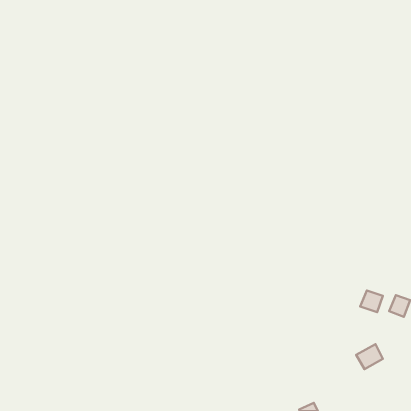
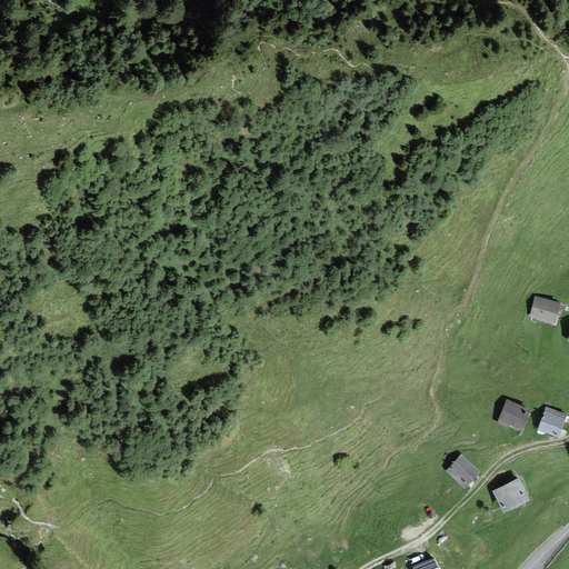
building: none -> [529,296,559,322]
building: none -> [446,453,479,487]

